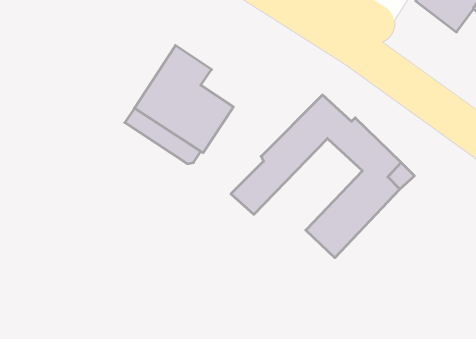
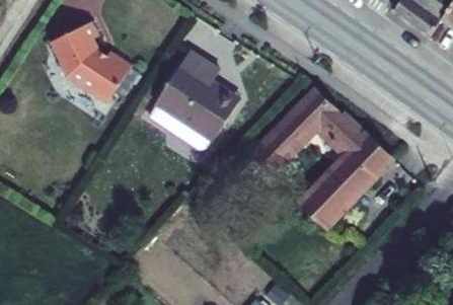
building: none -> [50,22,133,102]

